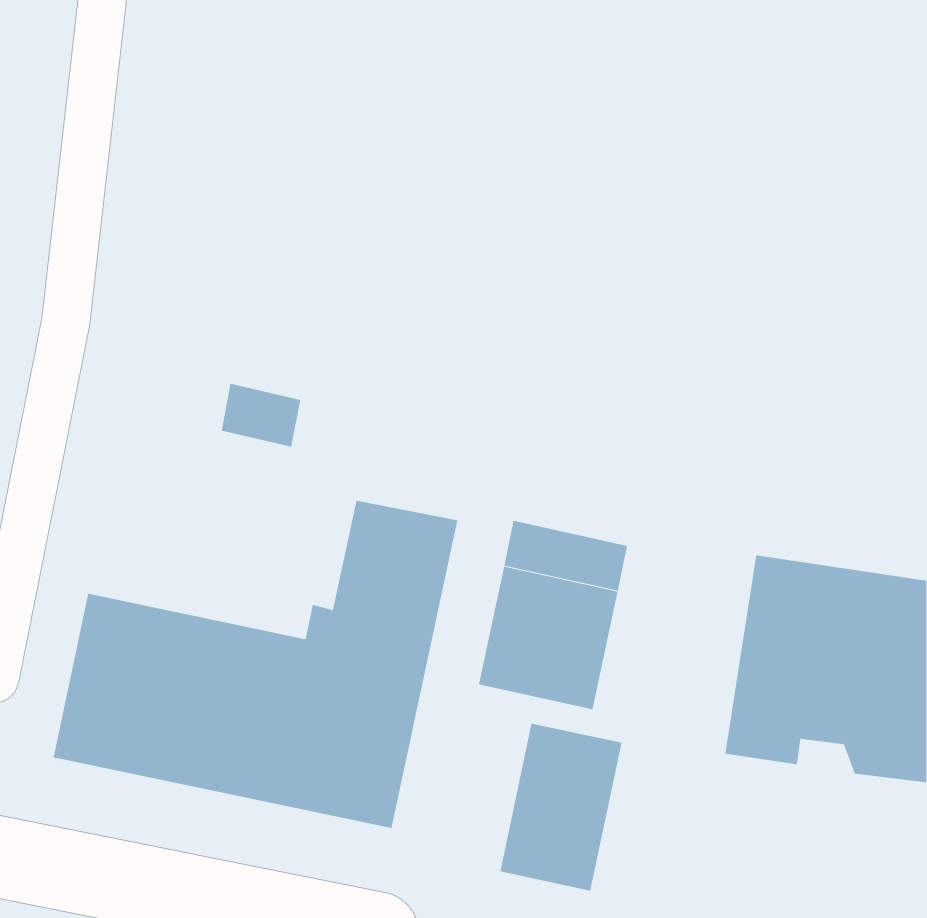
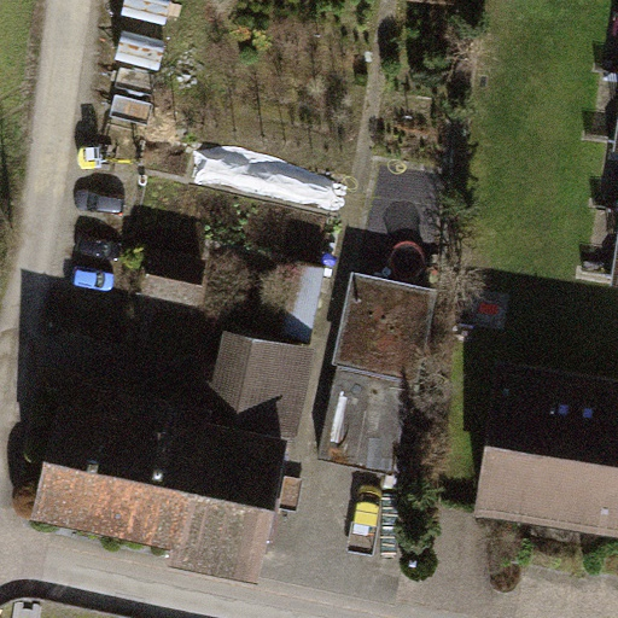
building: none -> [339,284,431,371]
building: [500,723,622,892] -> none

